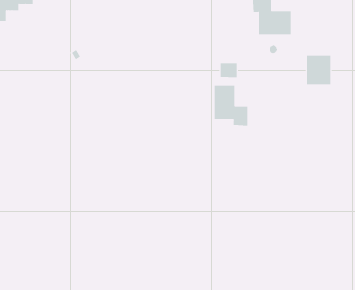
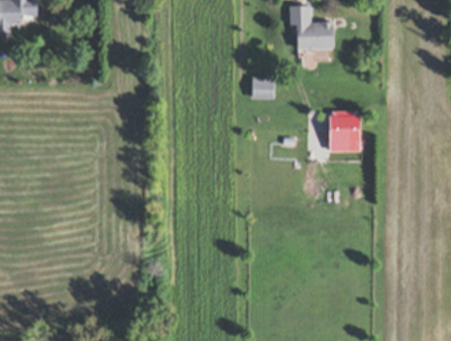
building: [306,55,331,85] -> [330,114,358,147]
building: [214,85,248,127] -> none

